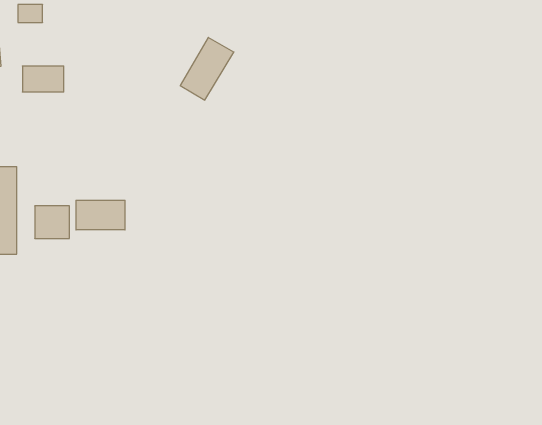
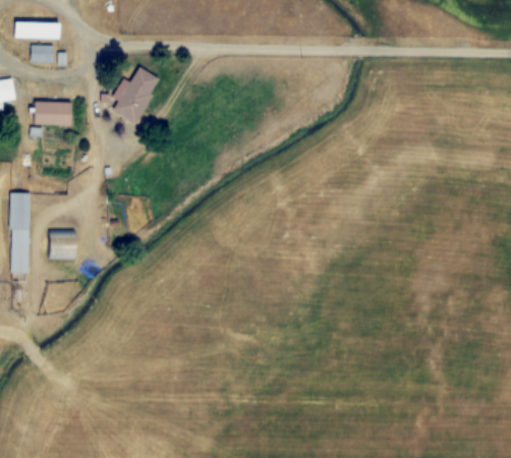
building: [180,37,234,100] -> [112,67,161,124]
building: [76,200,125,230] -> none

